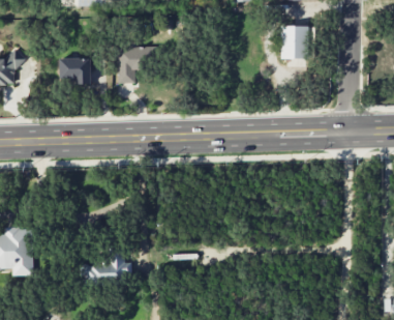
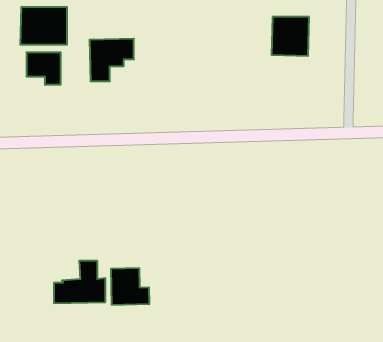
building: none -> [20,7,67,45]
building: none -> [111,268,149,305]

